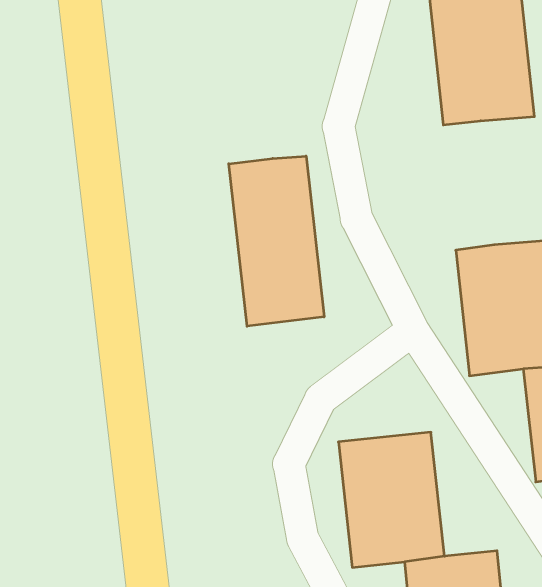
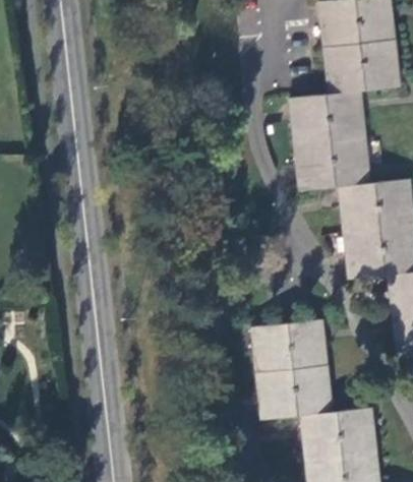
building: none -> [289,92,367,190]
building: [229,156,324,326] -> none

